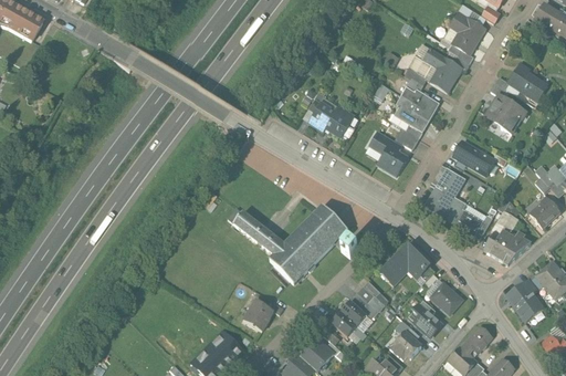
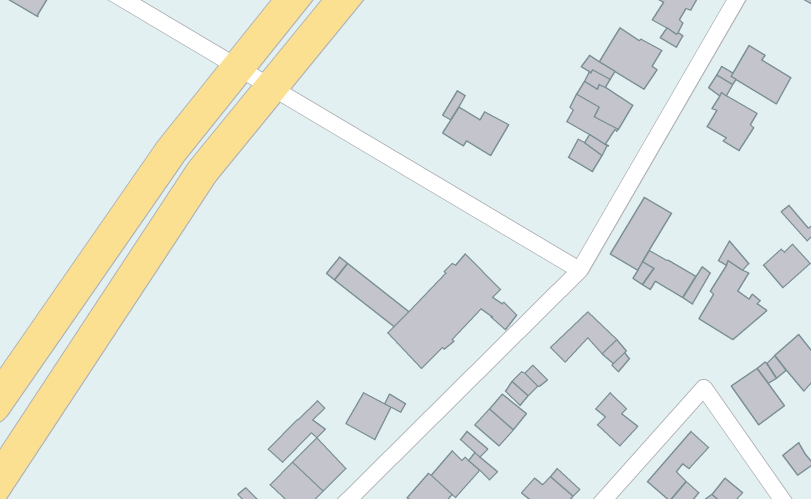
building: [369,132,405,174] -> none
building: [454,142,495,175] -> none
building: [430,282,462,313] -> none
building: none -> [268,401,325,462]
building: [389,318,421,358] -> none

